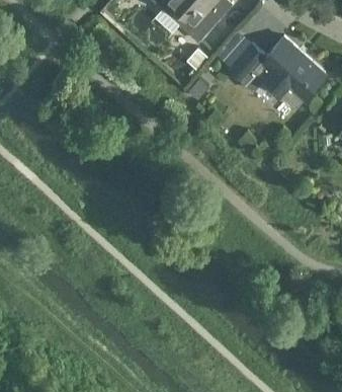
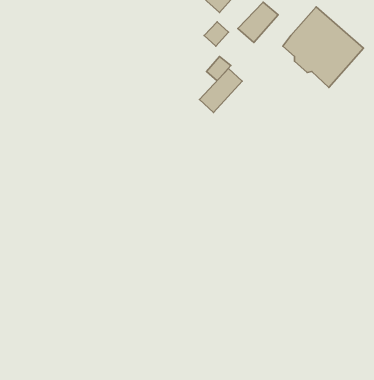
building: [228,45,265,83] -> [199,68,242,112]

